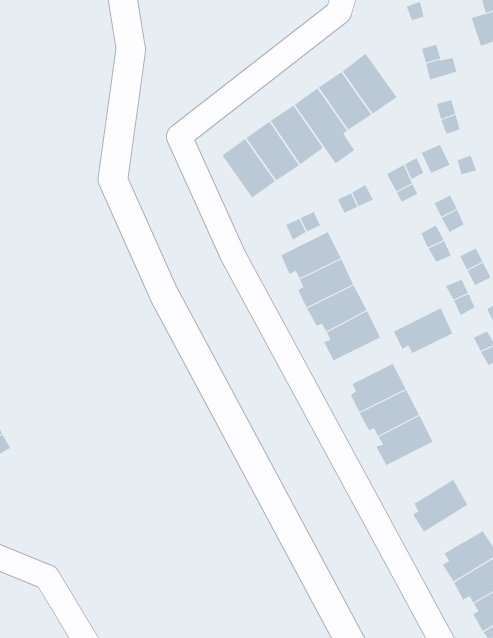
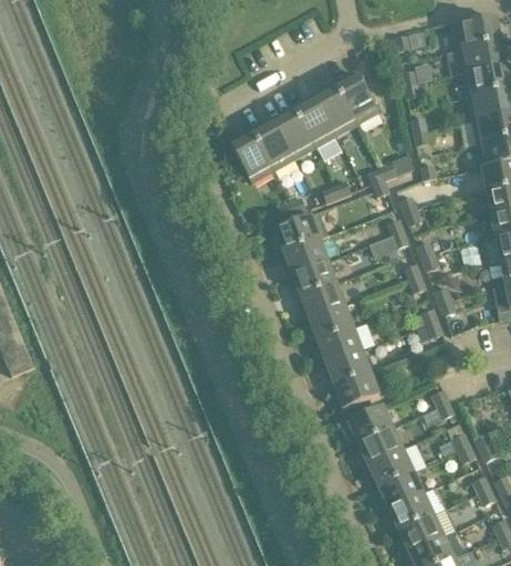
building: [393,308,453,354] -> [305,306,354,342]
building: none -> [344,406,394,444]
building: none -> [365,450,414,488]

